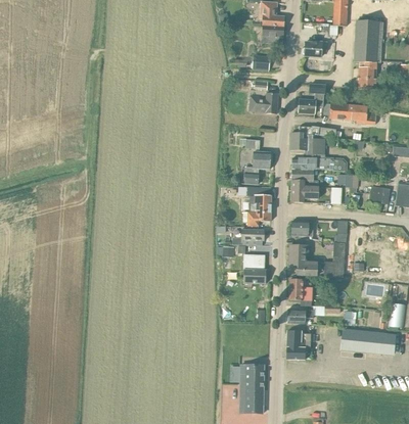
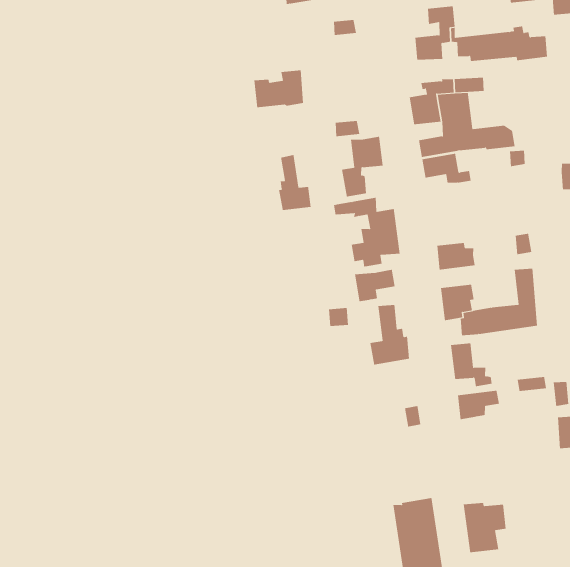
building: [248,92,278,112] -> [253,70,304,108]
building: none -> [279,154,311,211]
building: [290,180,318,201] -> none
building: [286,329,311,359] -> [463,502,506,553]

